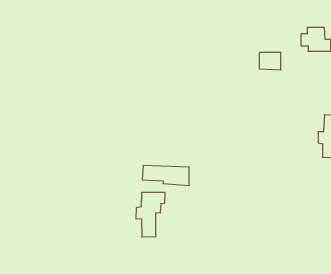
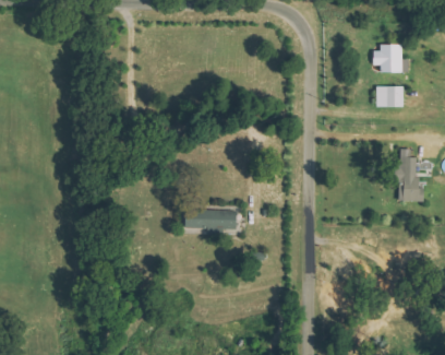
building: [259,53,281,70] -> [375,86,401,107]
building: [136,192,165,237] -> none

